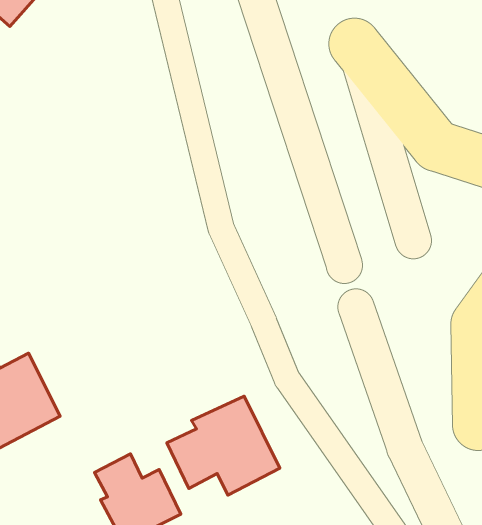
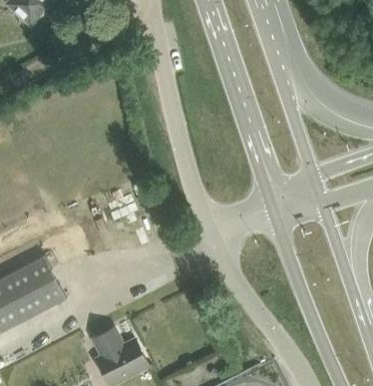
building: [167,396,280,495] -> none

